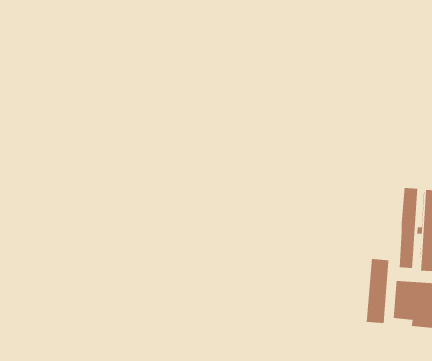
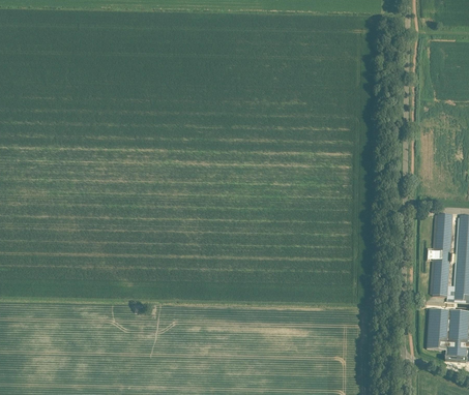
building: [366,258,390,324] -> none

